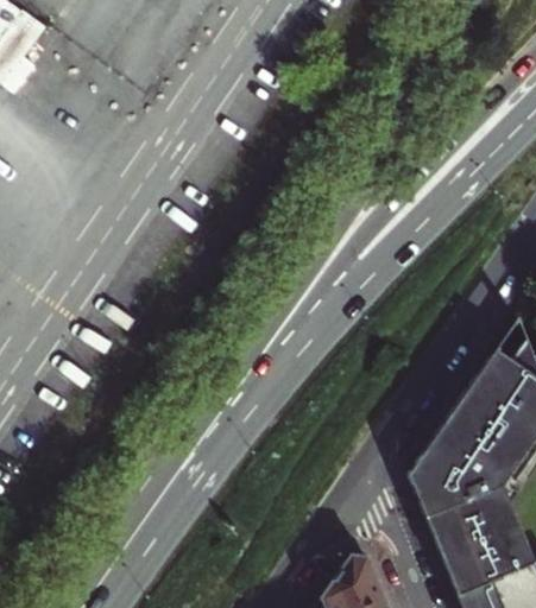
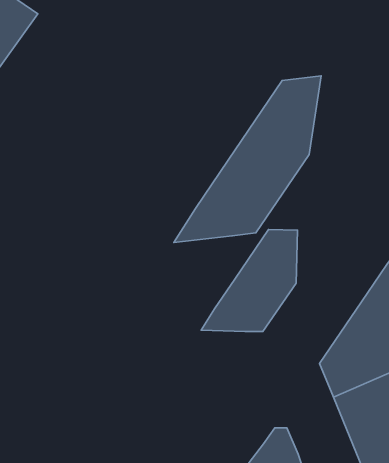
building: none -> [174,76,321,243]
building: none -> [201,230,298,332]

